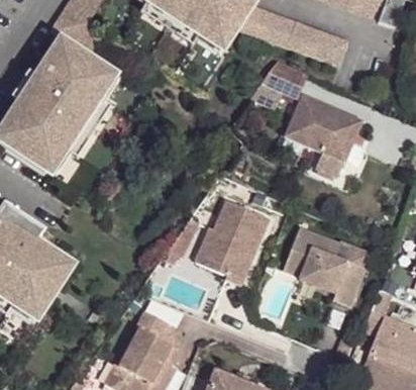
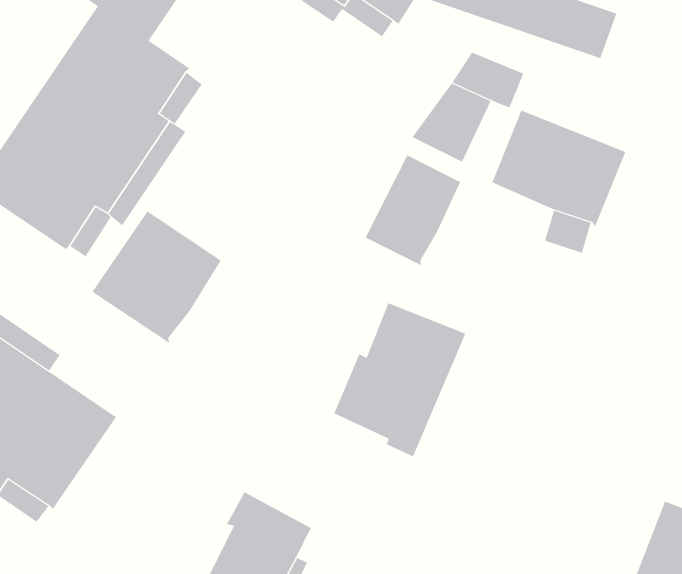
building: none -> [365,155,461,266]
building: none -> [92,210,221,344]
building: [286,228,368,308] -> none

